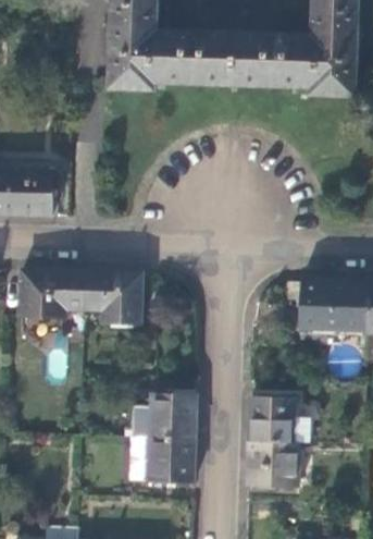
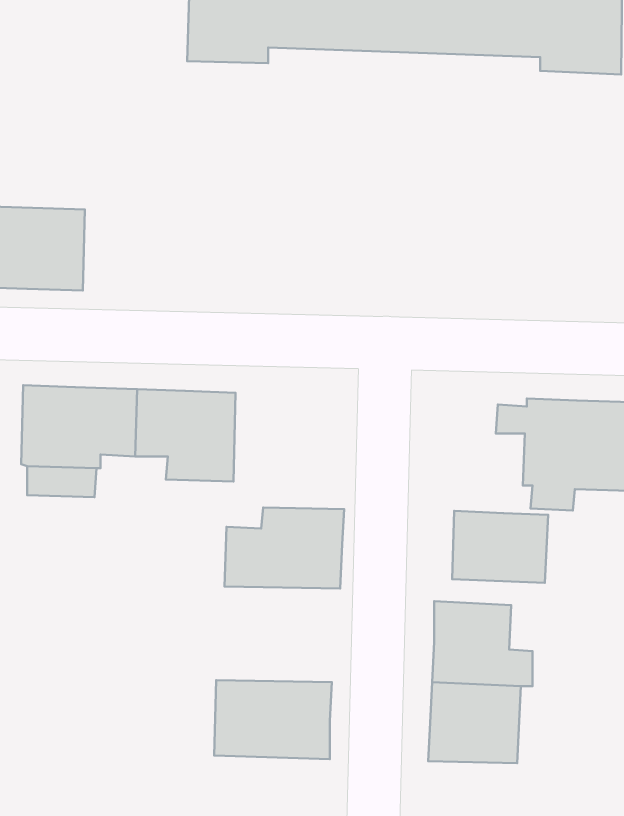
building: none -> [452,511,548,583]
building: [128,393,196,439] -> [224,507,344,588]

